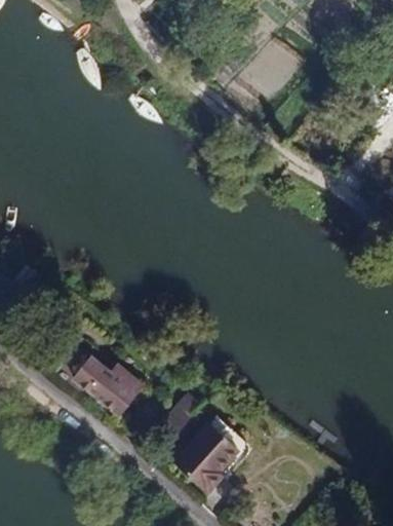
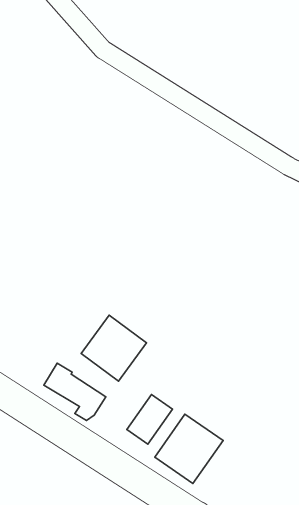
building: none -> [81,315,146,381]

